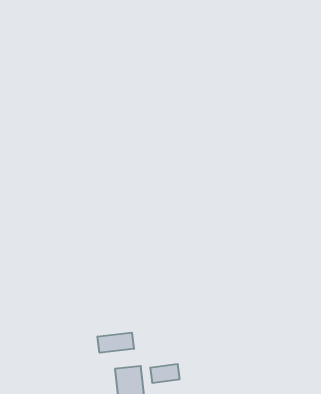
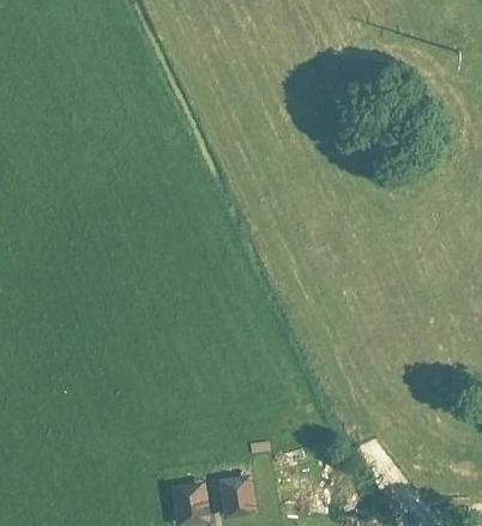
building: [98,333,134,353] -> none

